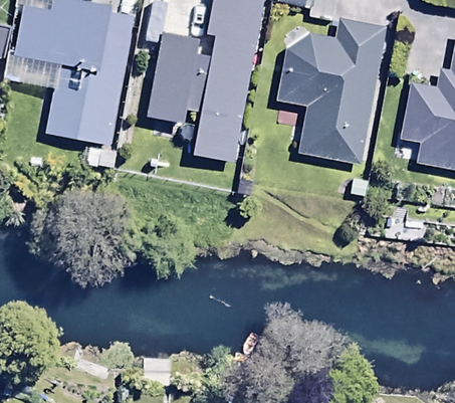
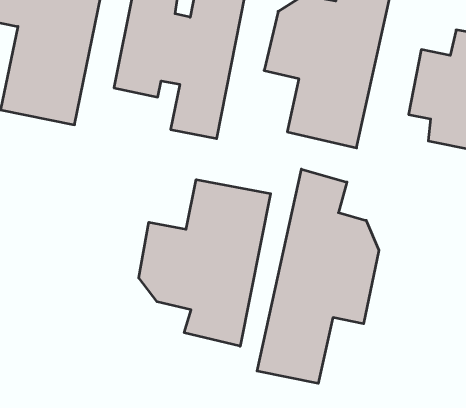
building: none -> [257,169,379,383]
building: none -> [139,180,271,346]

